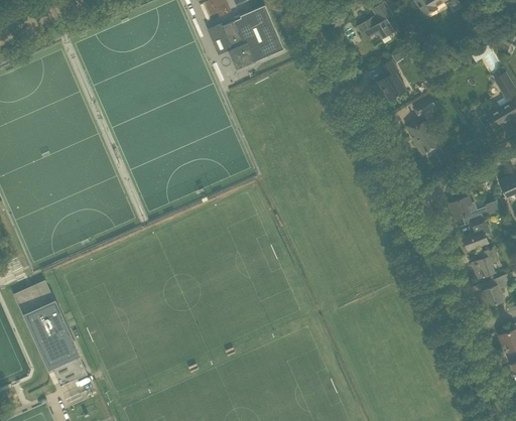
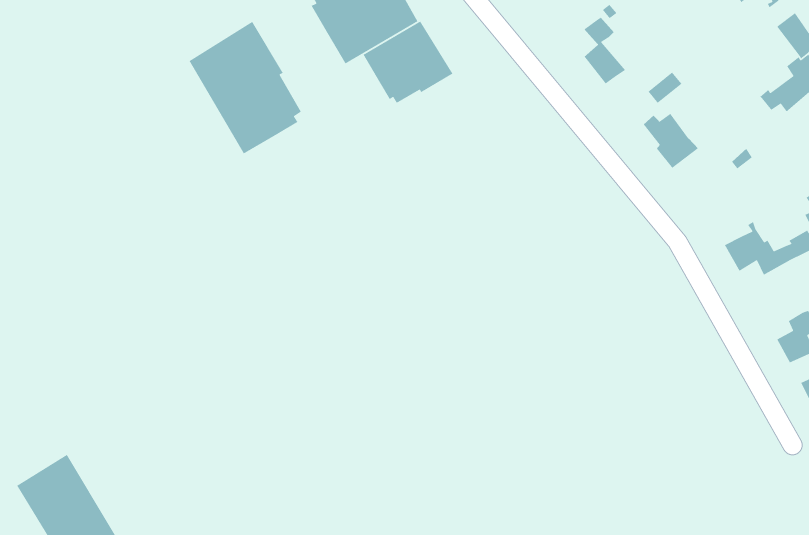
building: none -> [189,21,302,155]
building: none -> [362,20,453,104]
building: [463,218,488,250] -> none

